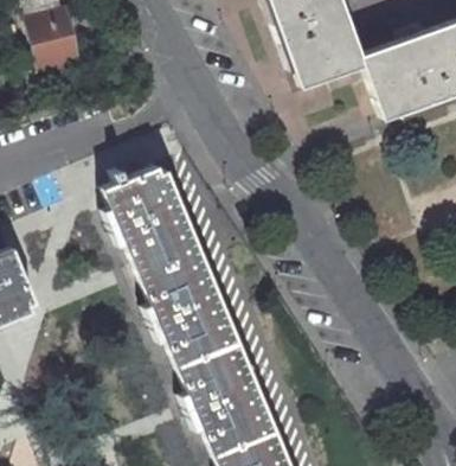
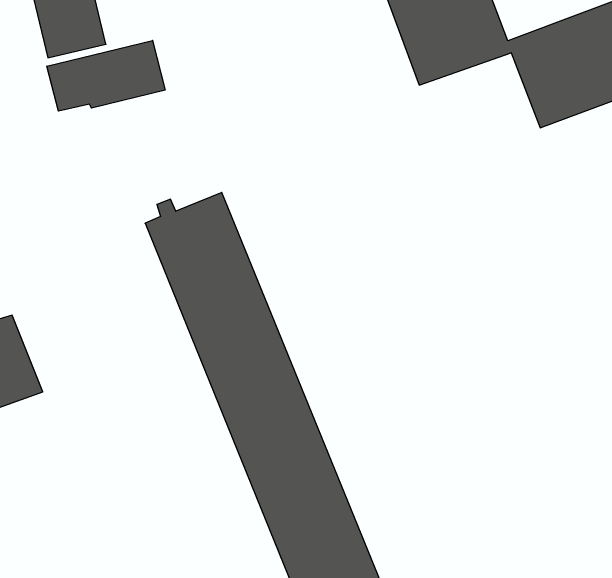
building: none -> [47,40,165,111]

